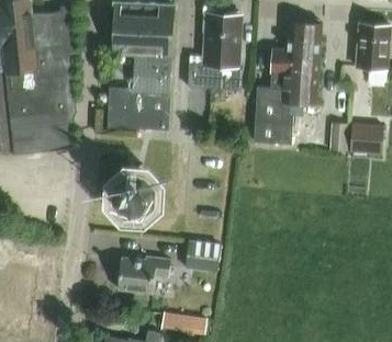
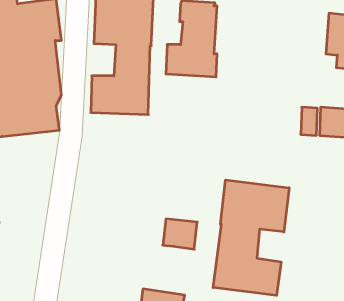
building: [251,20,322,144] -> none
building: [113,175,154,215] -> none
building: none -> [213,180,289,295]
building: [117,256,170,293] -> none

